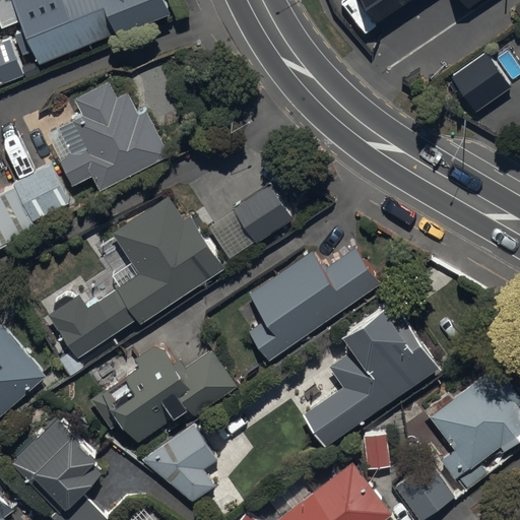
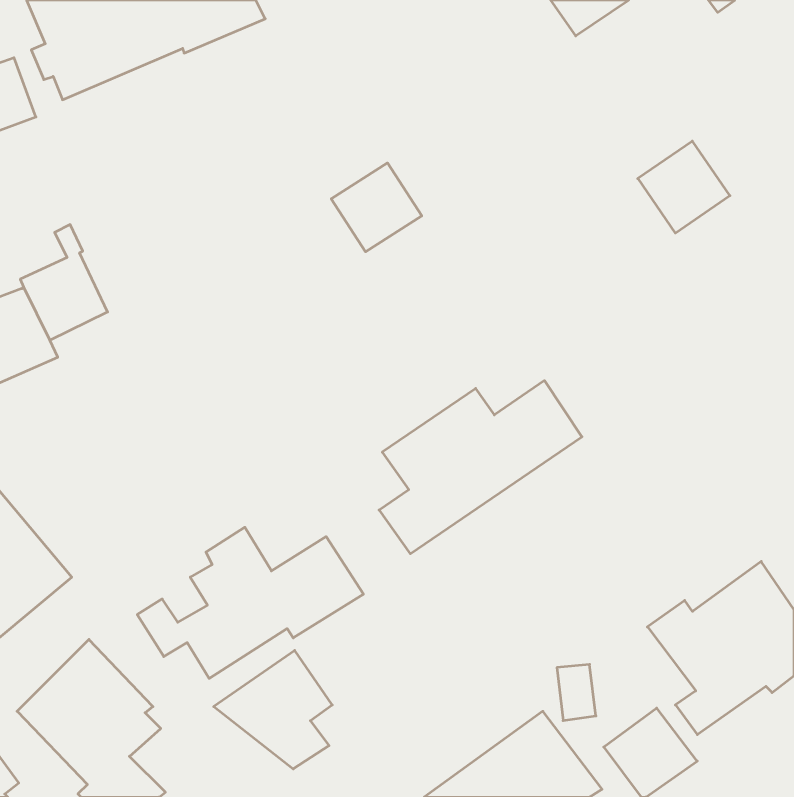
building: [450,51,510,111] -> [638,141,730,233]
building: [48,82,170,191] -> none
building: [235,184,294,242] -> [331,163,422,252]
building: [50,195,224,358] -> none
building: [303,310,437,445] -> none

